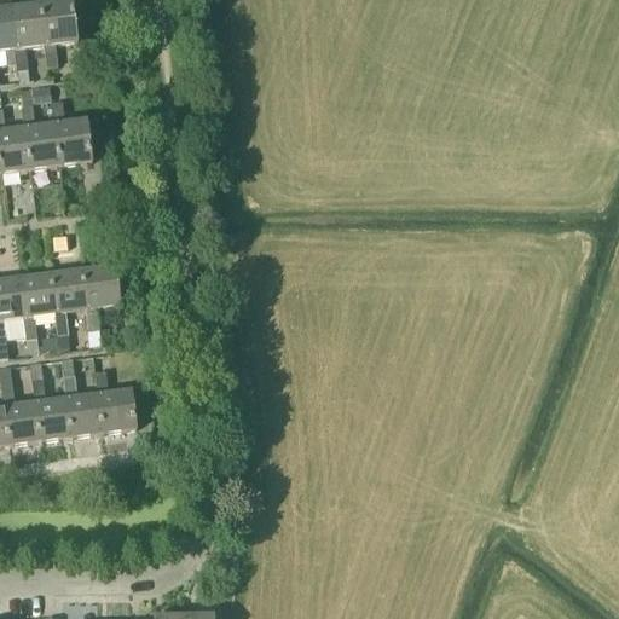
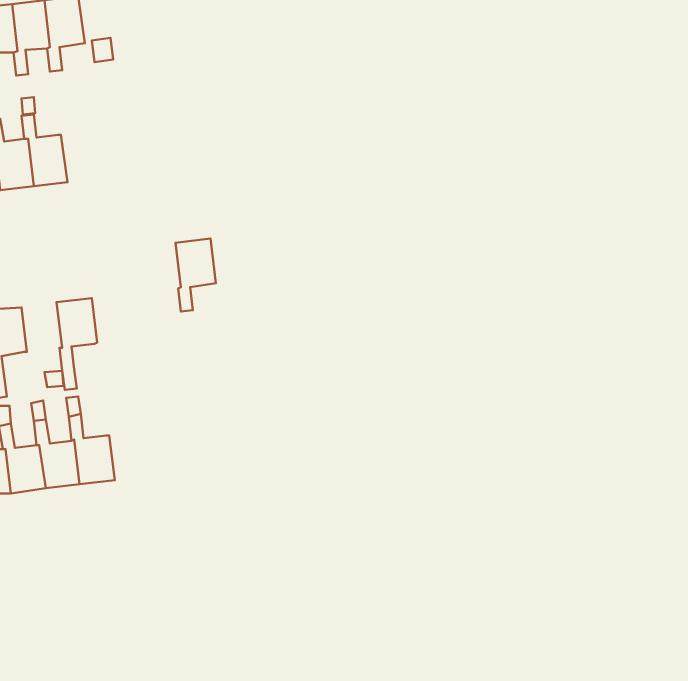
building: [50,99,91,163] -> none
building: [82,264,118,329] -> [175,239,216,311]
building: [19,271,56,351] -> none
building: [93,368,135,430] -> none

